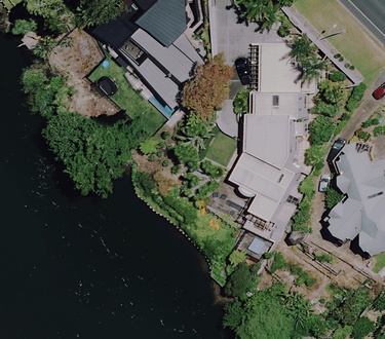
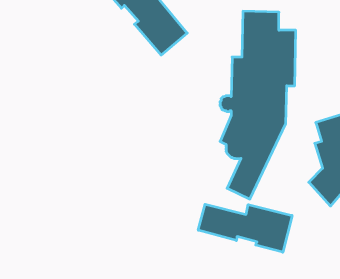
building: none -> [198,204,292,252]

